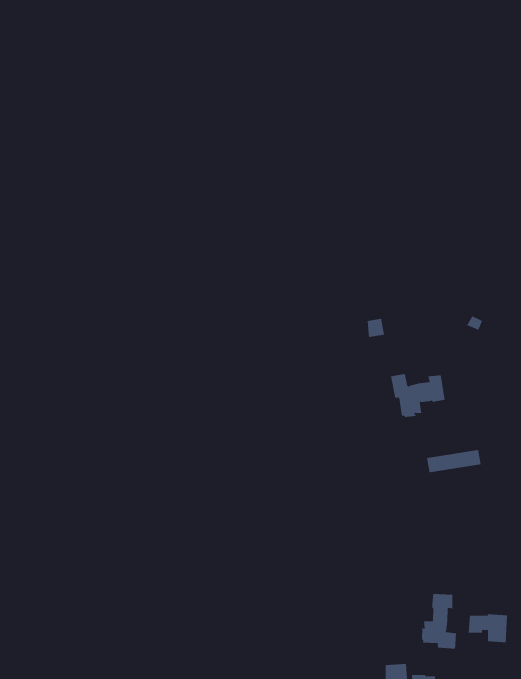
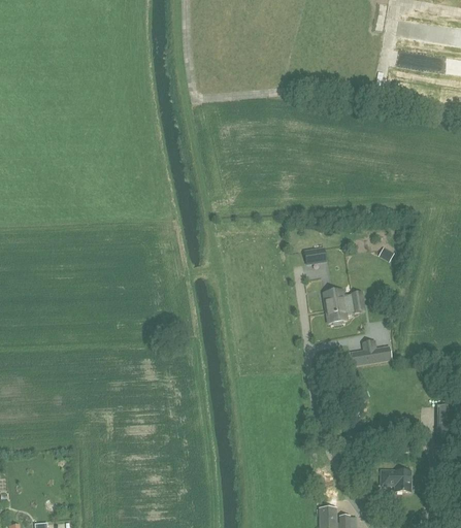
building: [422,593,456,650] -> none

